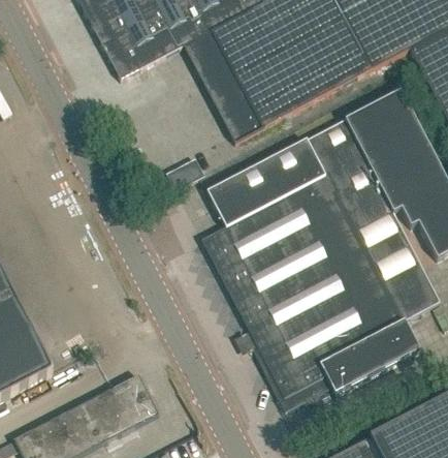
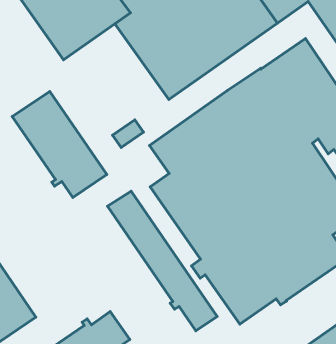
building: none -> [12,91,107,198]
building: none -> [107,191,217,331]

